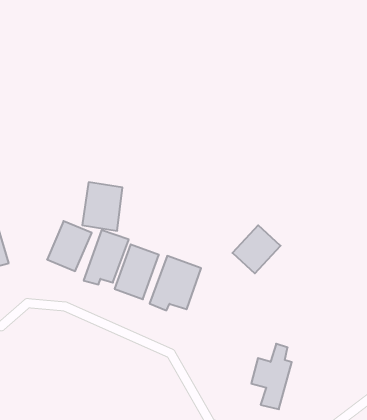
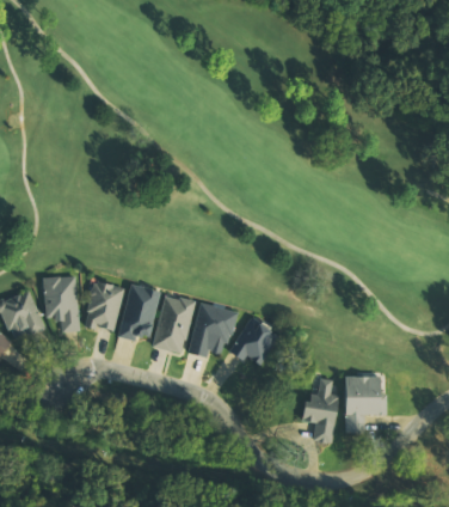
building: [82,182,122,231] -> [41,275,76,320]
building: [232,225,281,273] -> [229,318,277,367]
building: none -> [344,375,386,433]

